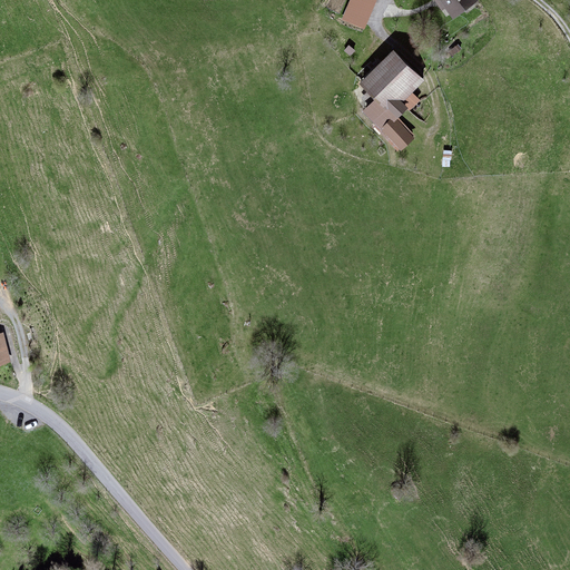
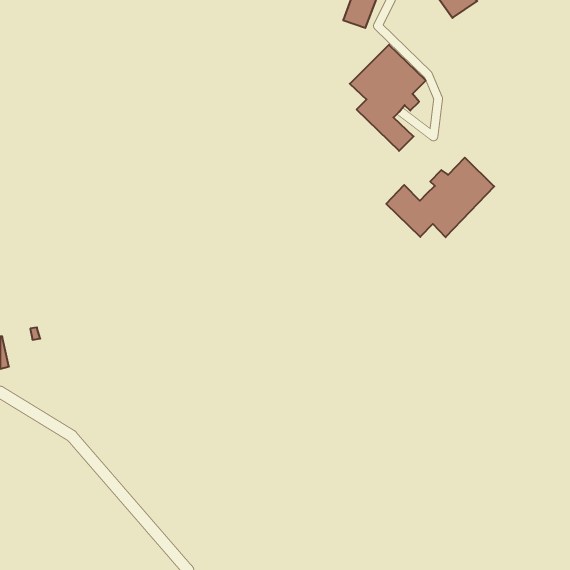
building: none -> [386,158,494,237]

